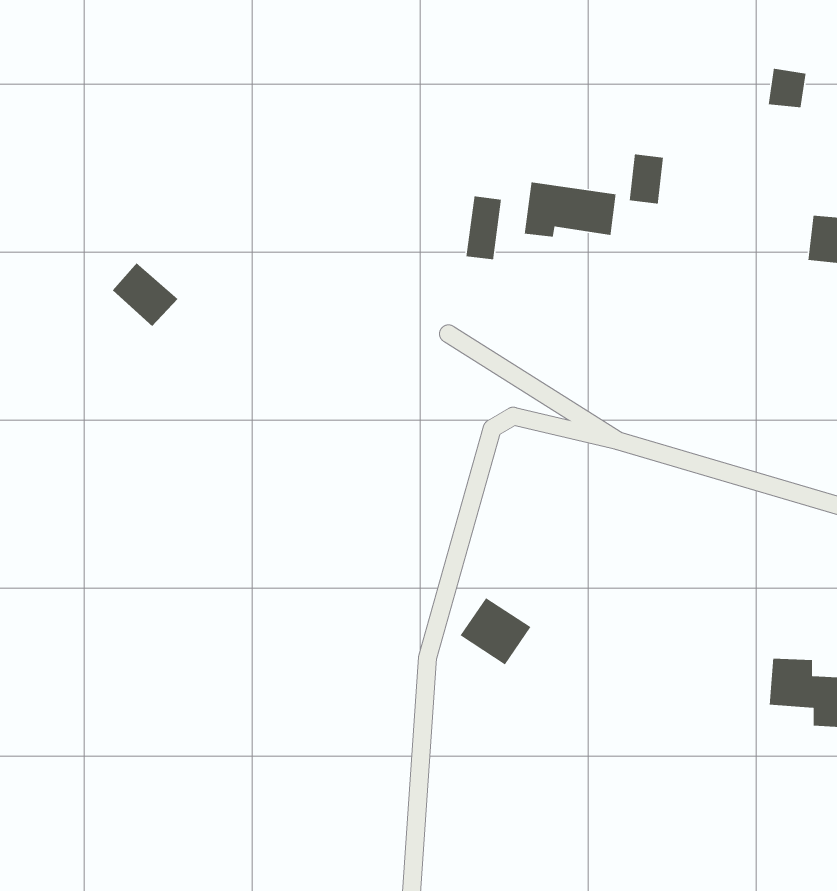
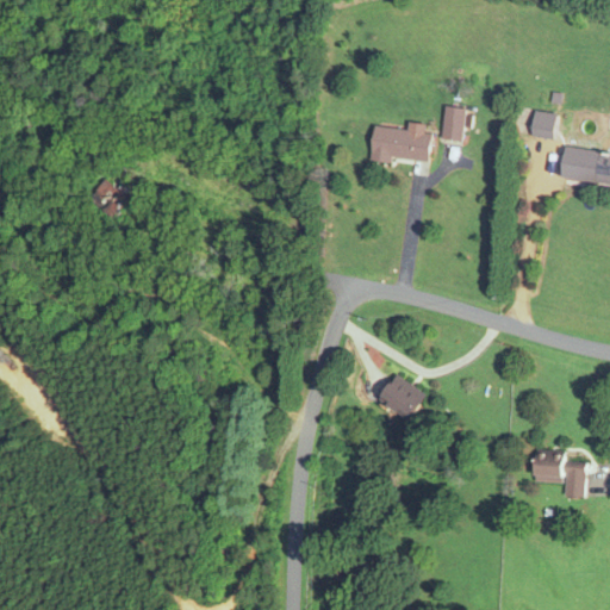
building: [768,68,806,108] -> [530,110,556,137]
building: [466,196,502,260] -> none
building: [460,597,531,665] -> [379,373,428,419]

